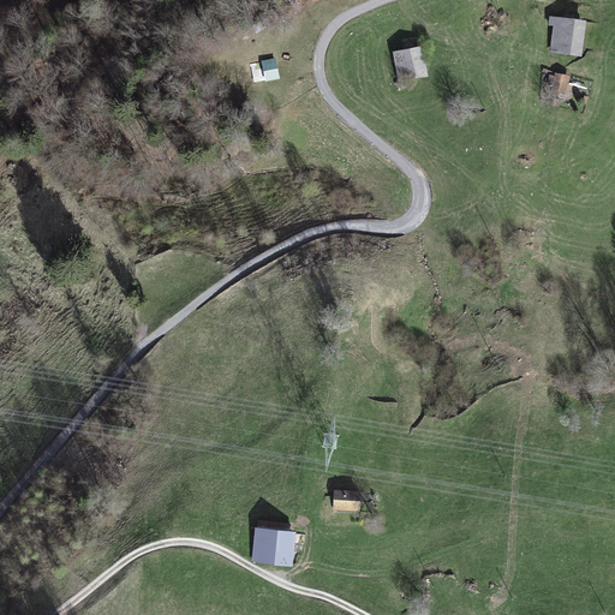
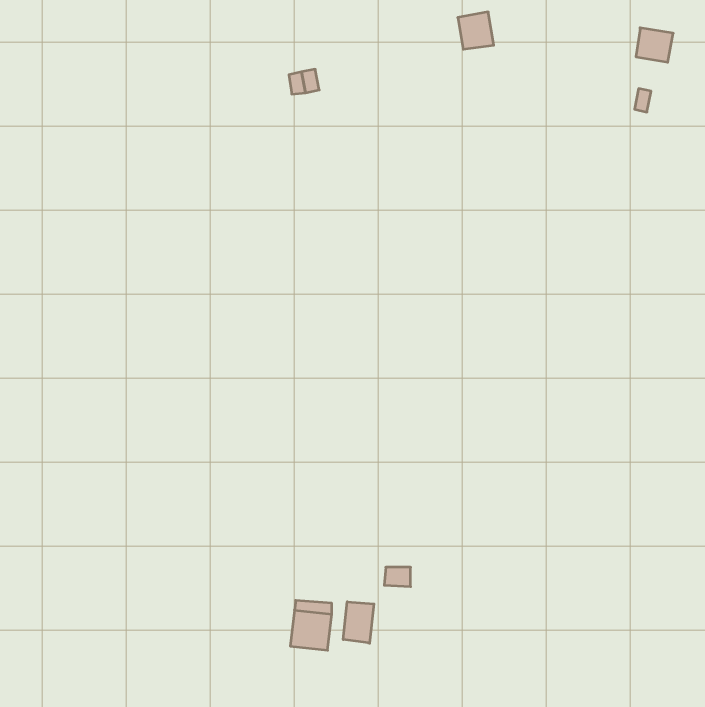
building: [393,48,424,80] -> [458,12,494,49]
building: none -> [343,602,374,643]

